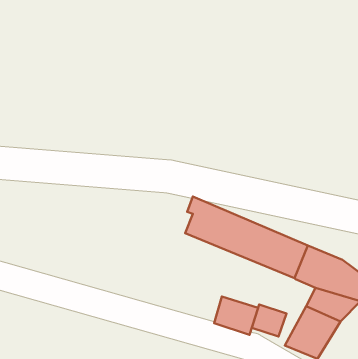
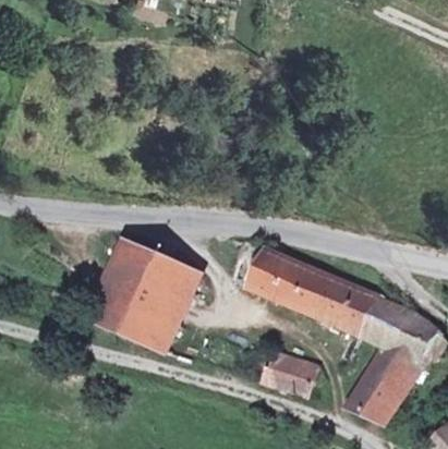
building: none -> [81,233,203,354]
building: [252,304,287,336] -> none

